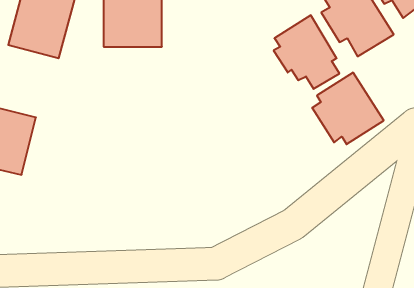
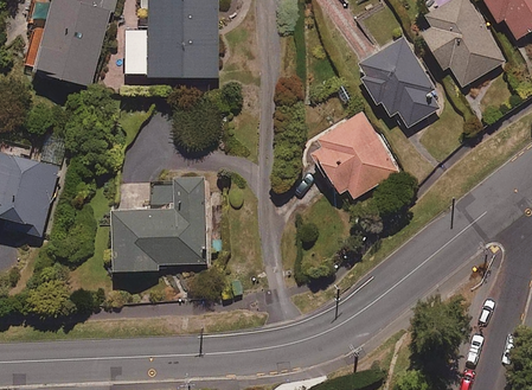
building: [312,73,384,144] -> [308,111,397,200]
building: none -> [105,177,207,271]

